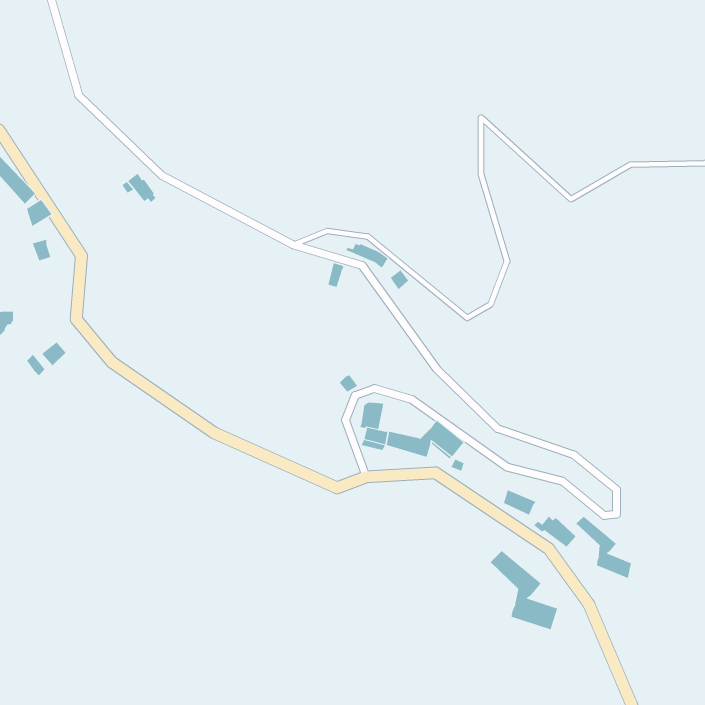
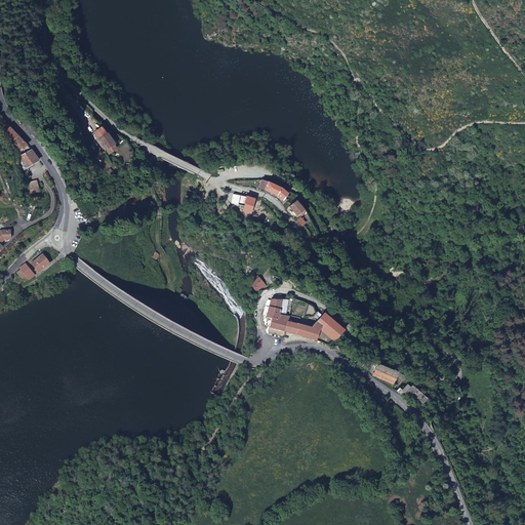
building: [576,516,632,579] -> none
building: [490,550,558,630] -> none

